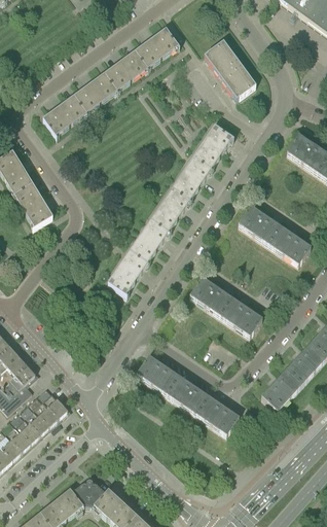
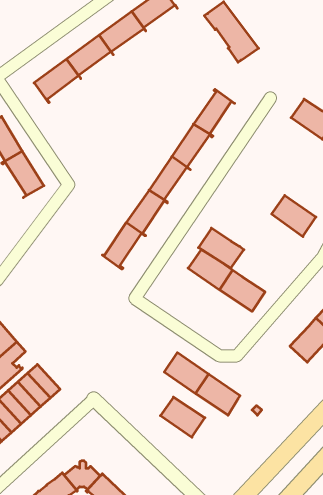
building: [238,205,281,243] -> [198,228,244,268]
building: [137,355,179,393] -> [160,397,205,437]
building: [261,368,302,410] -> none

